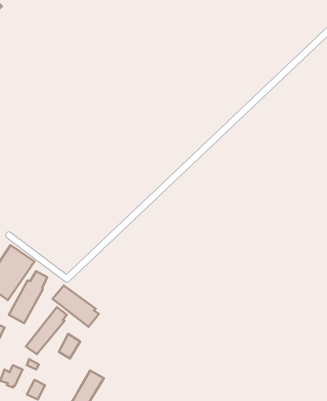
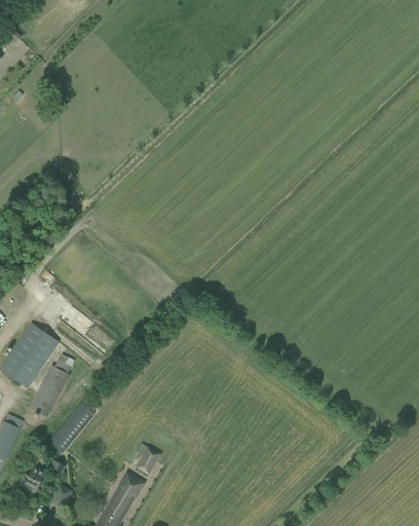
building: [53,286,99,327] -> none
building: [59,334,80,359] -> [135,445,160,475]

